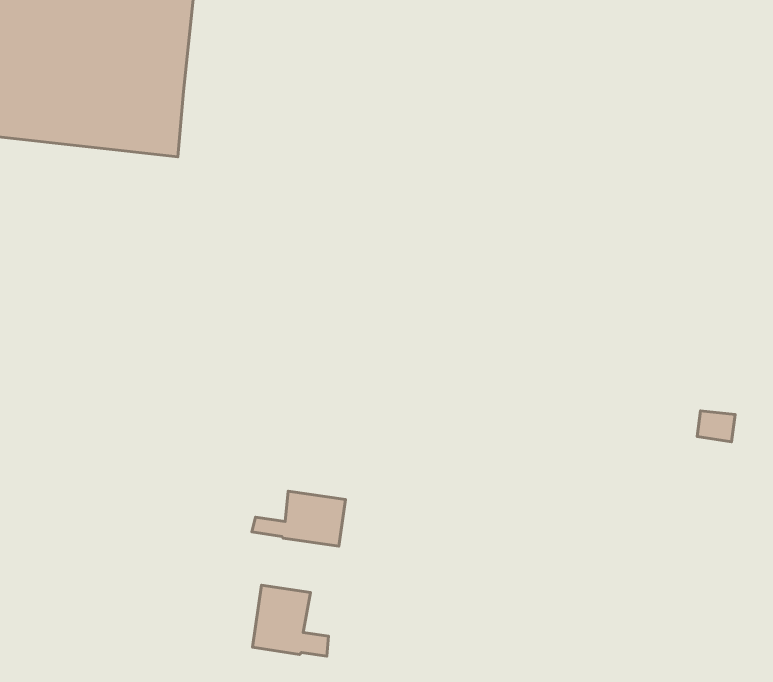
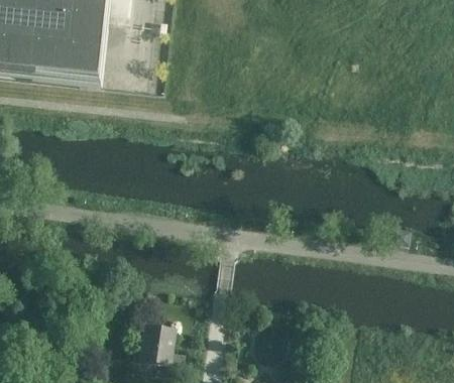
building: [252,491,346,546] -> none

